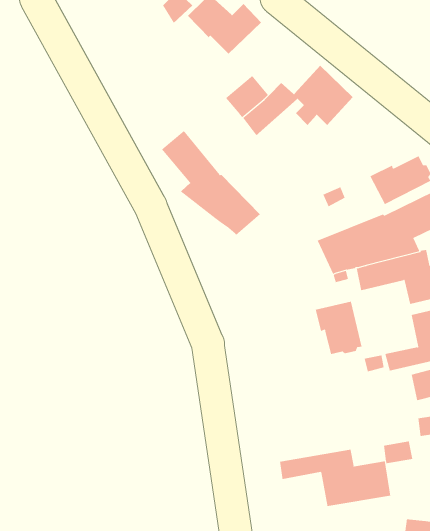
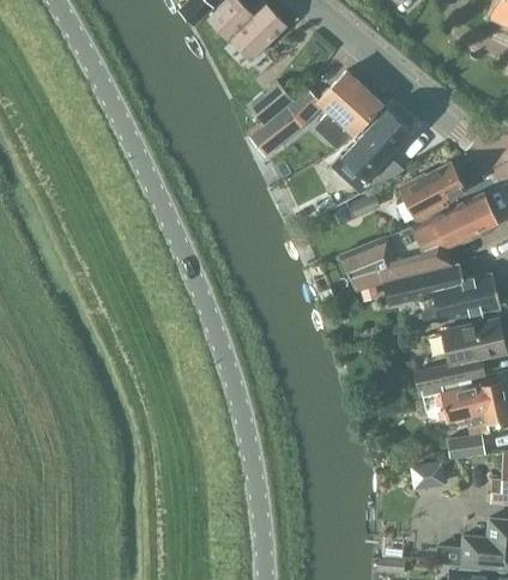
building: none -> [329,108,411,193]
building: [161,130,261,236] -> none
building: [315,301,362,355] -> none
building: [280,449,391,507] -> none

